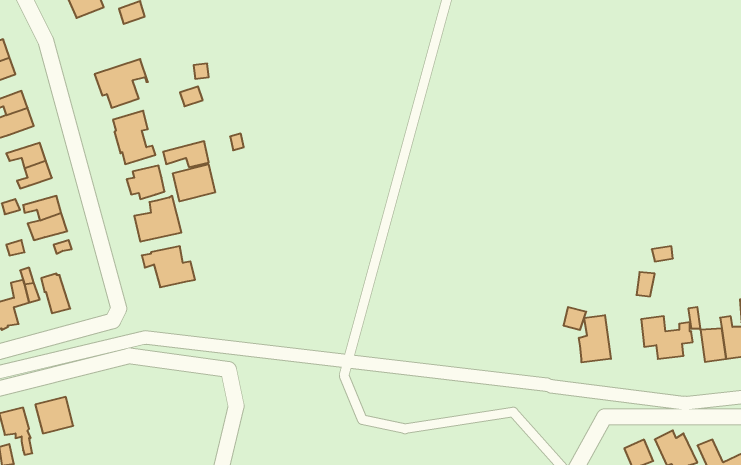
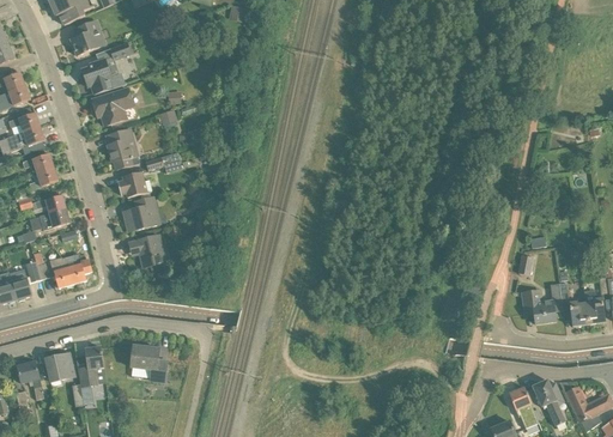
building: none -> [81,57,126,93]
building: [173,164,215,201] -> none
building: none -> [63,251,91,283]
building: [579,315,611,362] -> none
building: none -> [129,344,164,382]
building: none -> [75,346,103,392]

